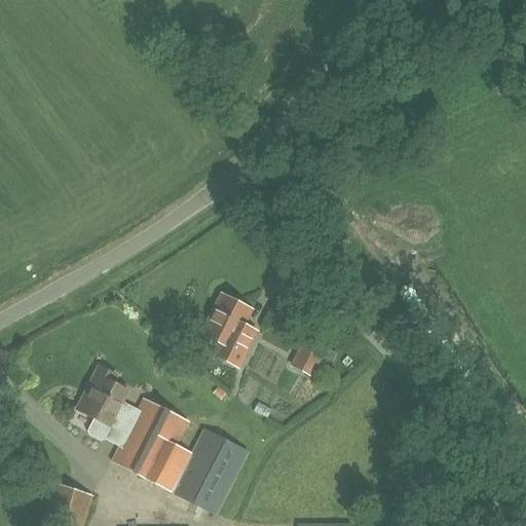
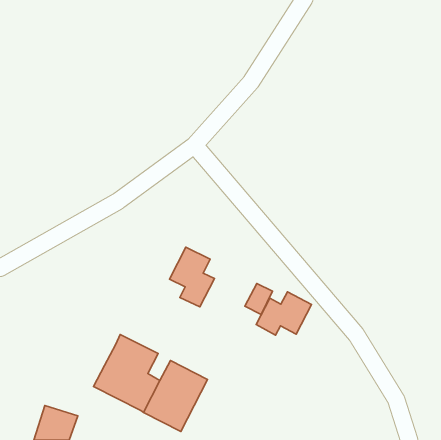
building: none -> [256,292,312,335]
building: [77,365,139,439] -> none

